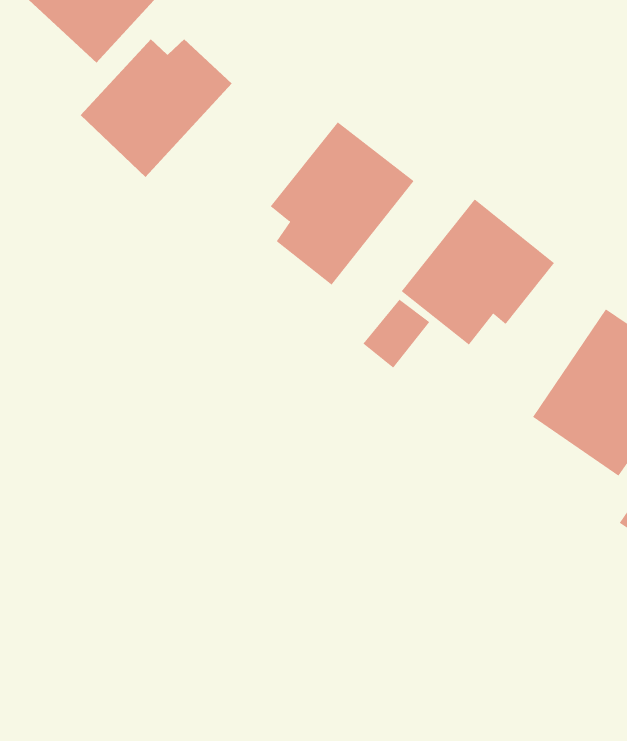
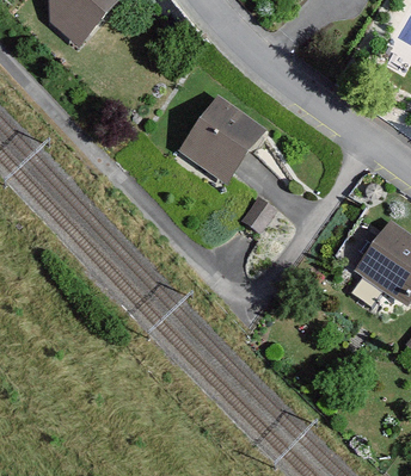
building: [80,38,233,178] -> none
building: [401,198,555,346] -> none

